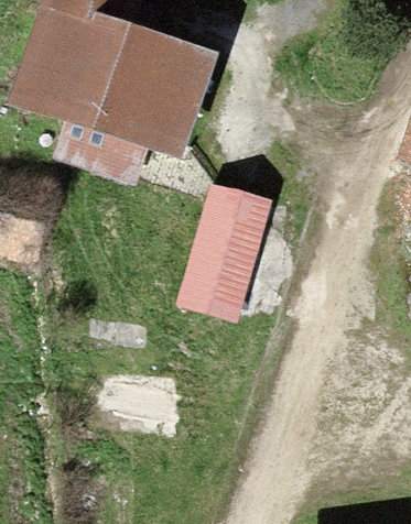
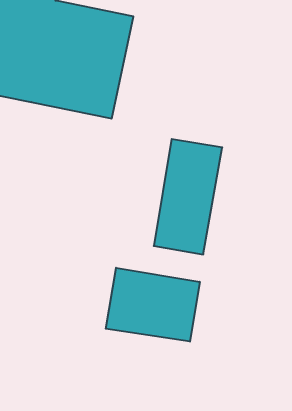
building: none -> [106,268,200,342]

